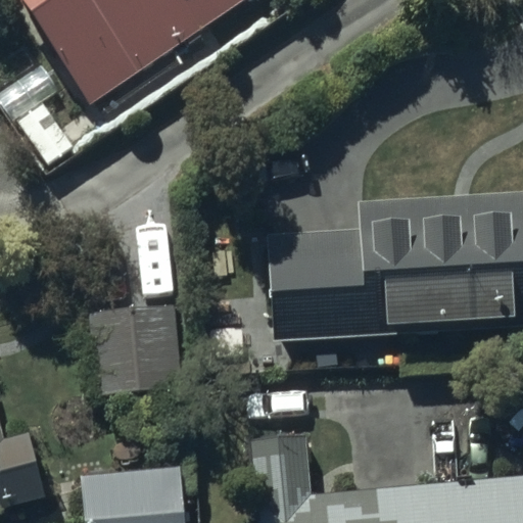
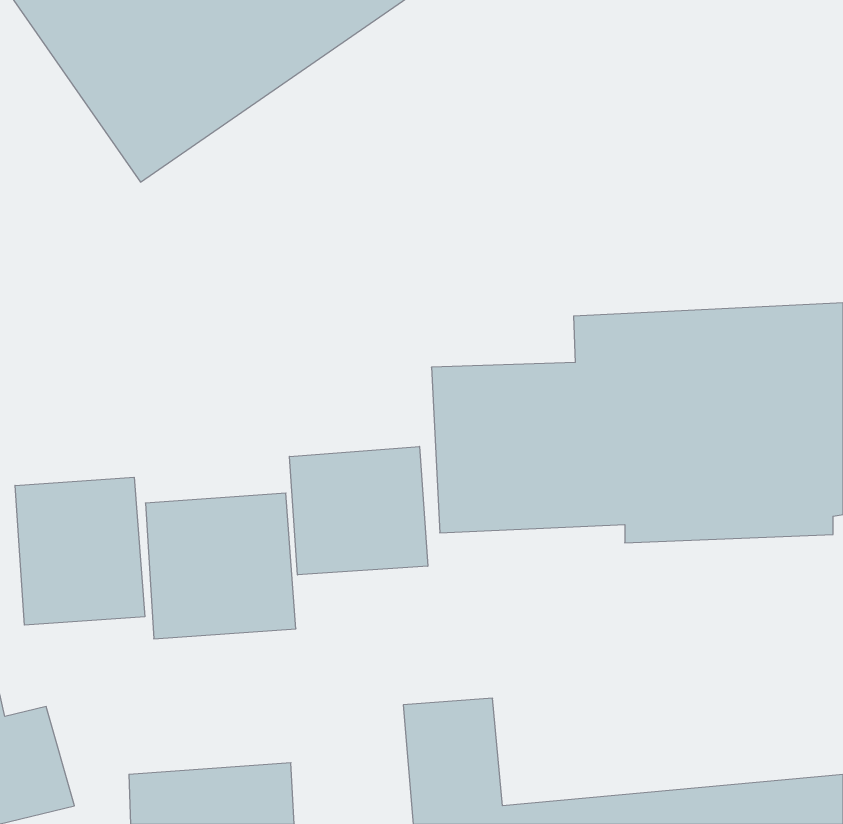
building: none -> [289,446,428,575]
building: none -> [15,477,145,625]

